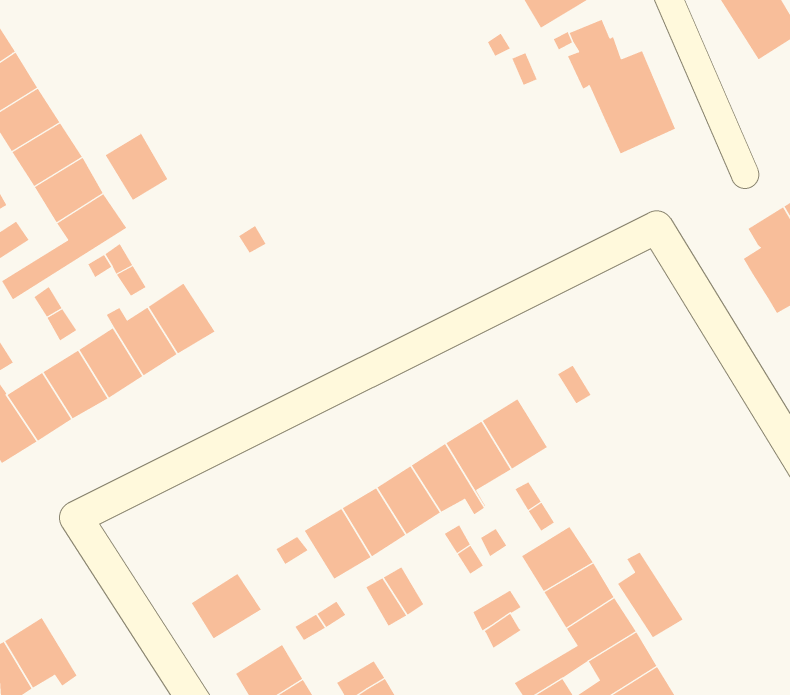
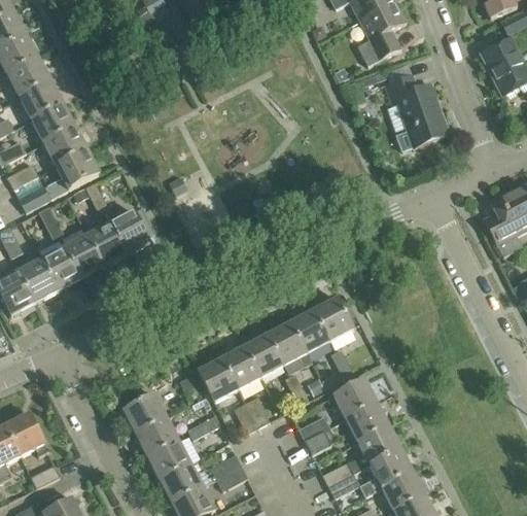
building: [105,132,168,201] -> none
building: [617,552,684,638] -> none
building: none -> [136,417,179,456]

